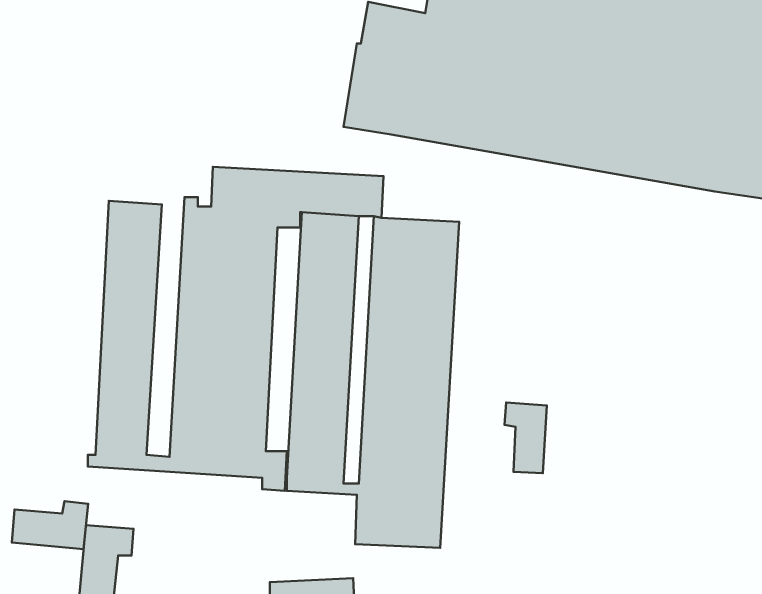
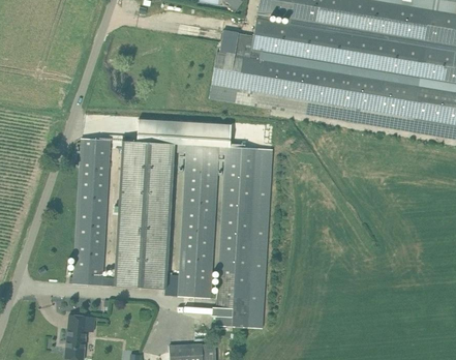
building: [504,402,547,473] -> none
building: [12,501,88,549] -> none

